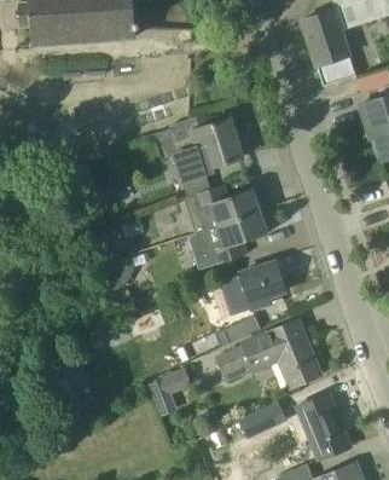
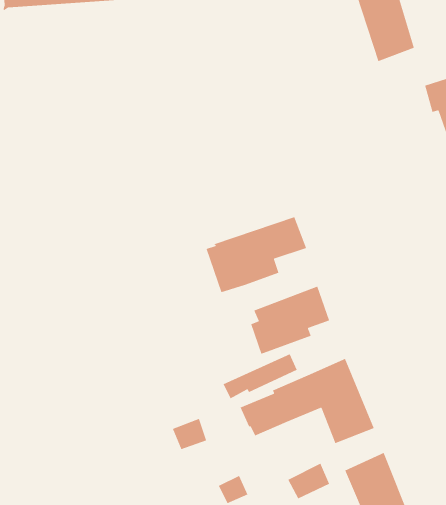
building: [169,118,242,181] -> none
building: [184,185,257,230] -> none

